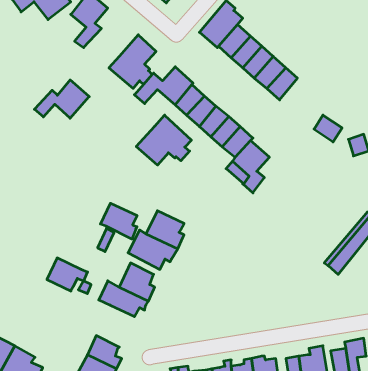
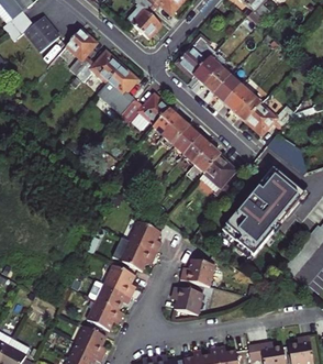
building: none -> [244,103,292,136]
building: [34,80,89,118] -> [75,52,122,85]
building: [136,115,191,165] -> none
building: none -> [229,170,314,257]
building: [100,203,137,239] -> none
building: none -> [178,255,212,284]
building: [47,258,88,291] -> [89,299,124,328]
building: none -> [172,283,202,311]

